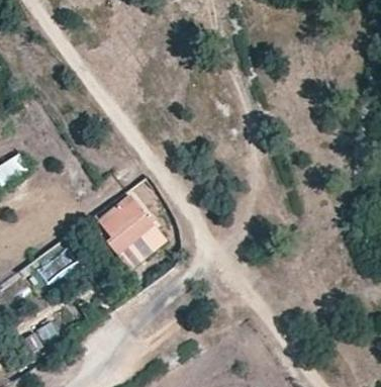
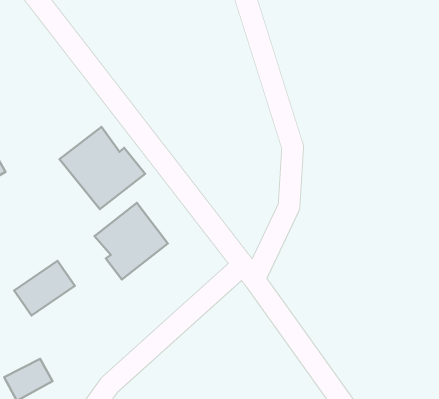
building: none -> [60,127,145,209]

